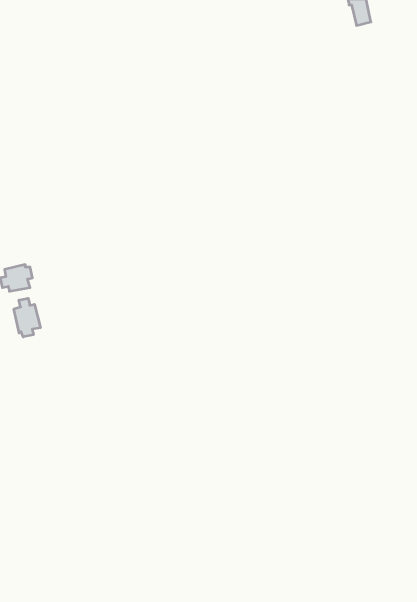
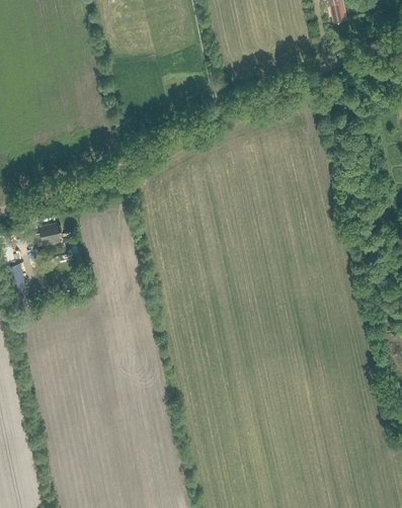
building: [14,298,40,337] -> none

